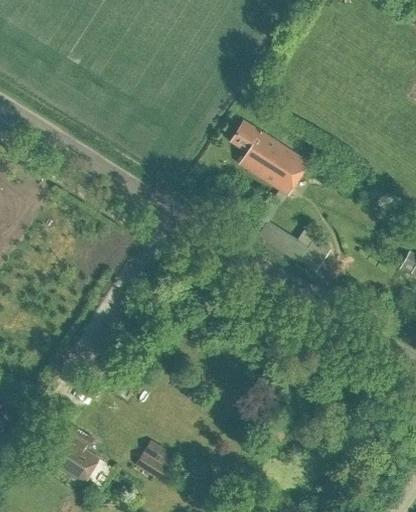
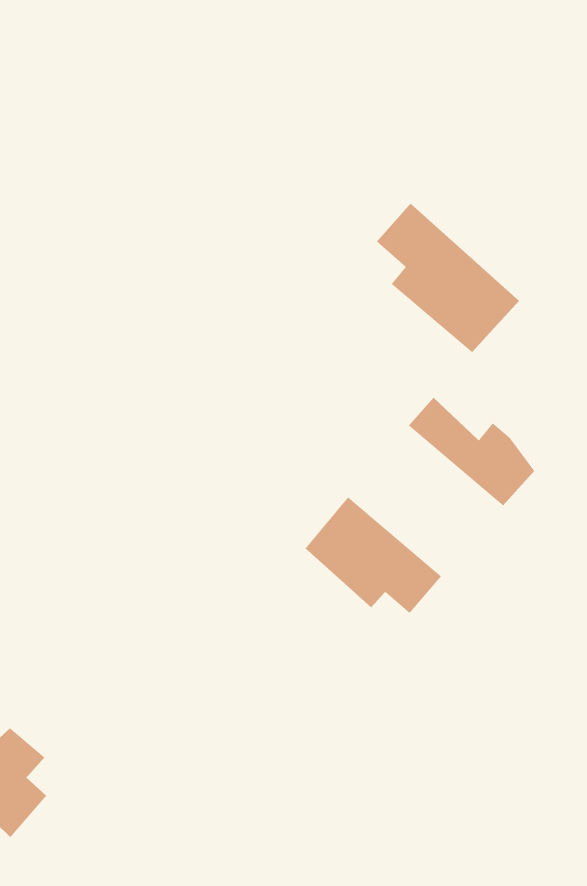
building: none -> [305,497,442,614]
building: [136,441,177,481] -> none

